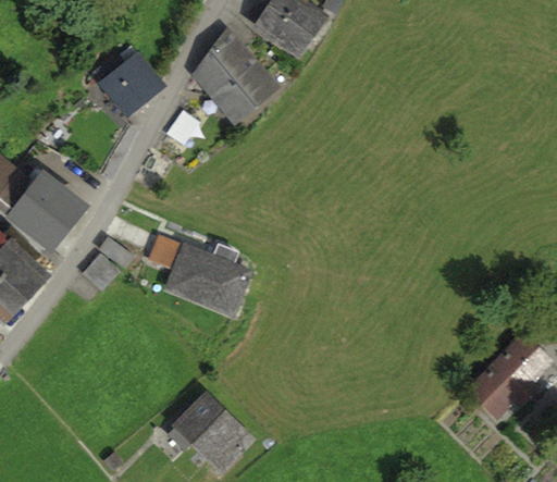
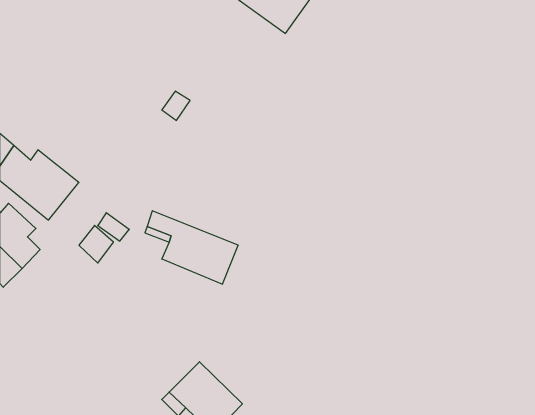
building: [196,29,273,121] -> none
building: [97,54,162,111] -> none
building: [472,337,548,415] -> none

